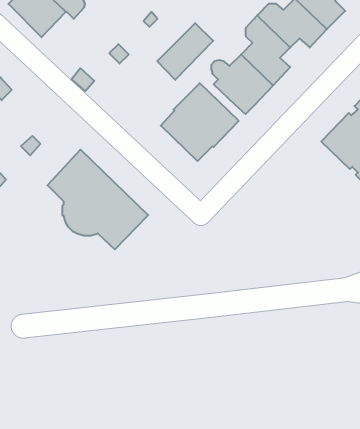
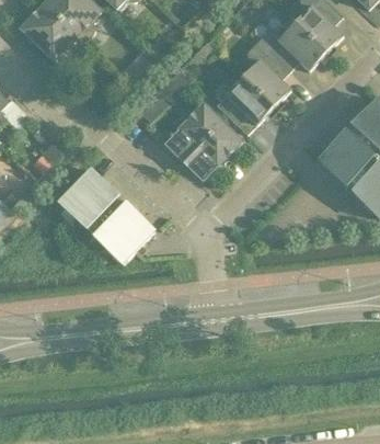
building: [157,23,213,80] -> none

